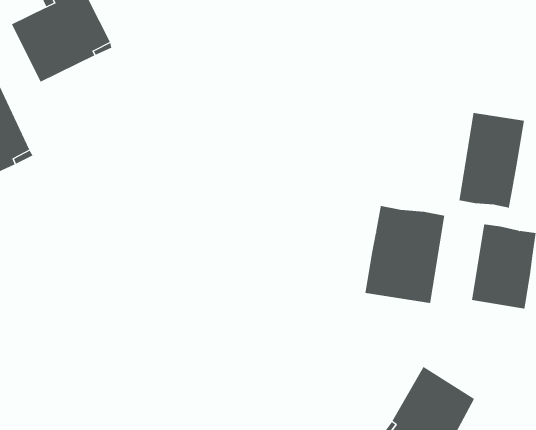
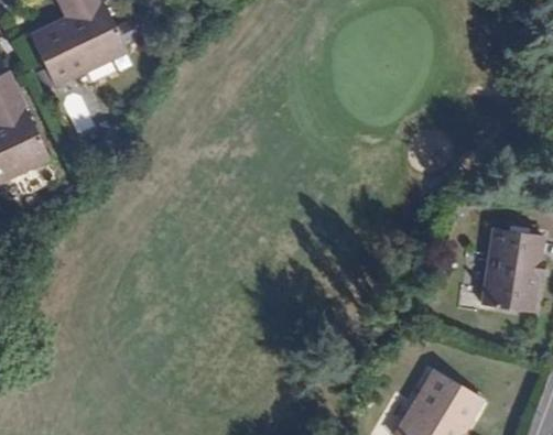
building: [459,112,525,208] -> none
building: [365,205,445,304] -> none

